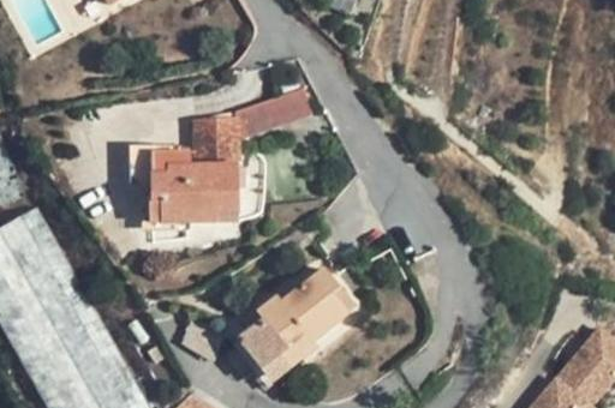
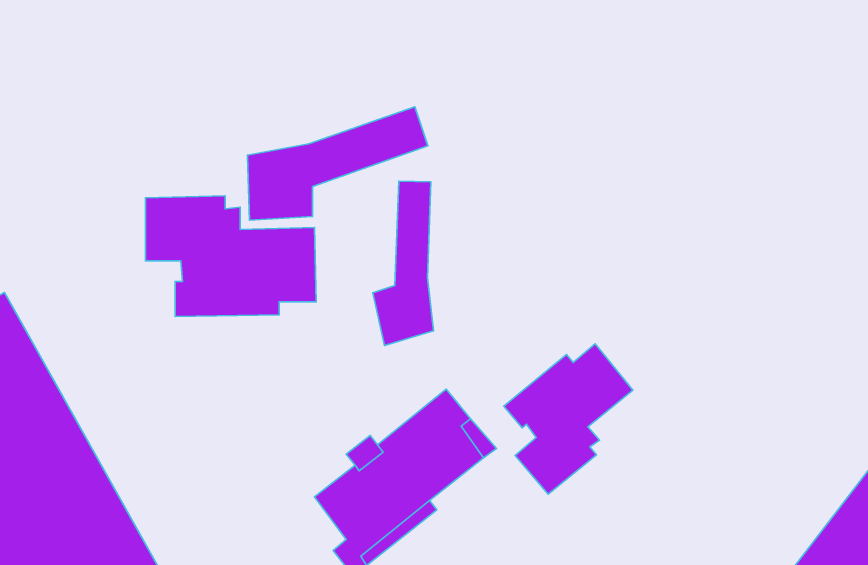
building: none -> [373,181,433,346]
building: none -> [504,344,633,494]

